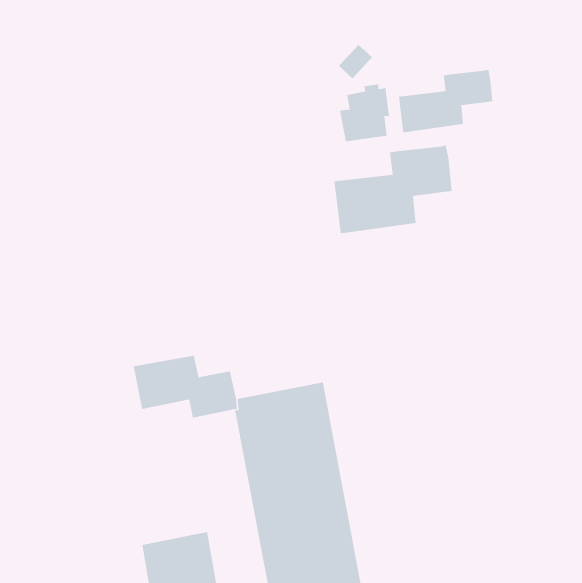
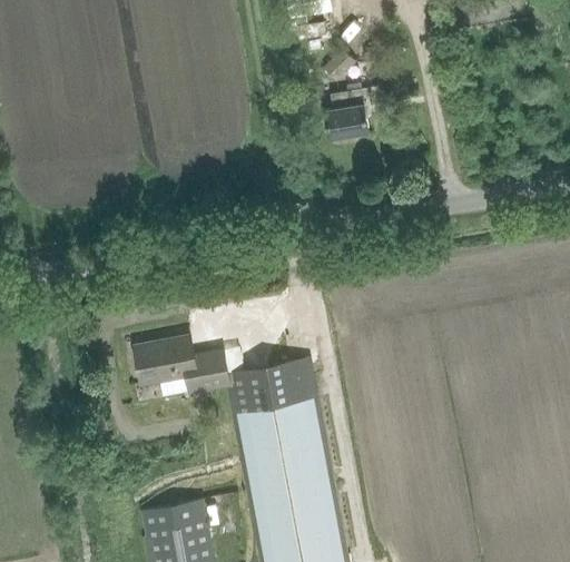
building: [398,69,493,133] -> none
building: [334,144,452,234] -> none

